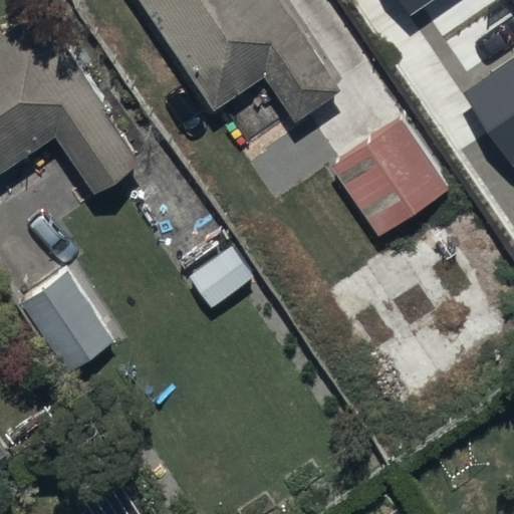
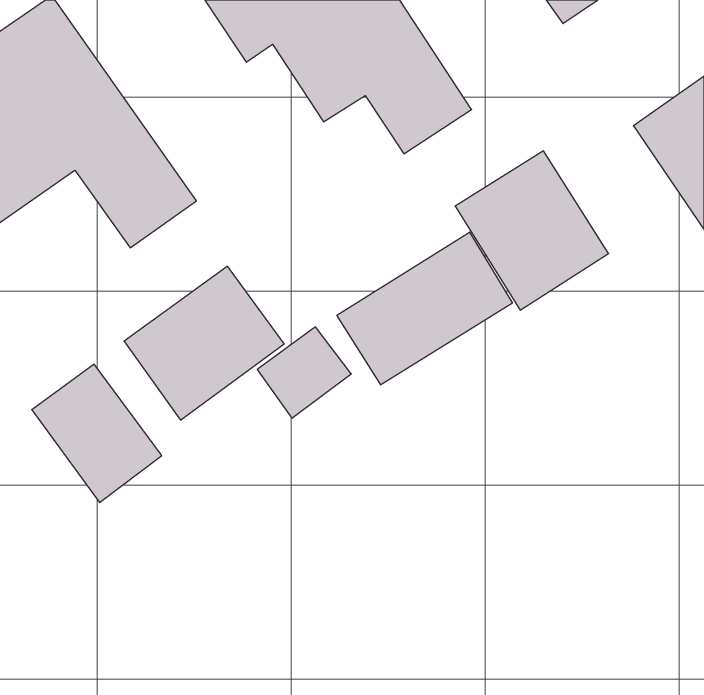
building: none -> [337,232,512,385]
building: none -> [124,266,284,420]

